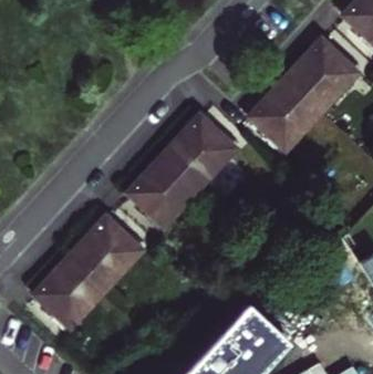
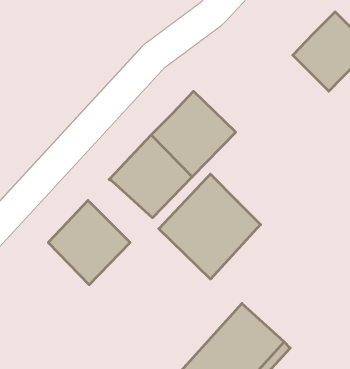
building: [257,81,321,146] -> none
building: none -> [159,174,261,279]
building: [35,248,107,322] -> none

